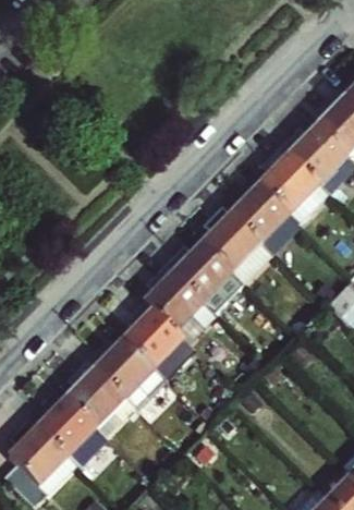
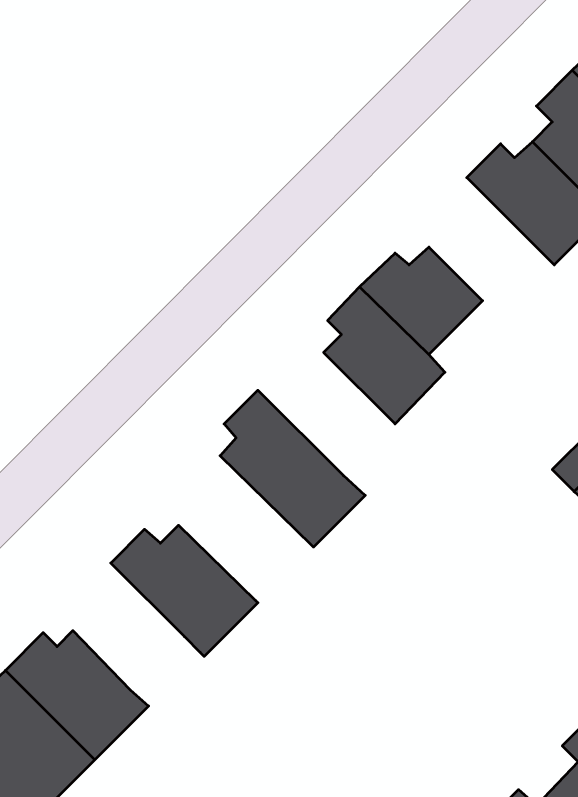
building: [261,145,330,222] -> none
building: [168,241,243,308] -> none
building: [124,298,197,377] -> none
building: [66,356,136,435] -> none

